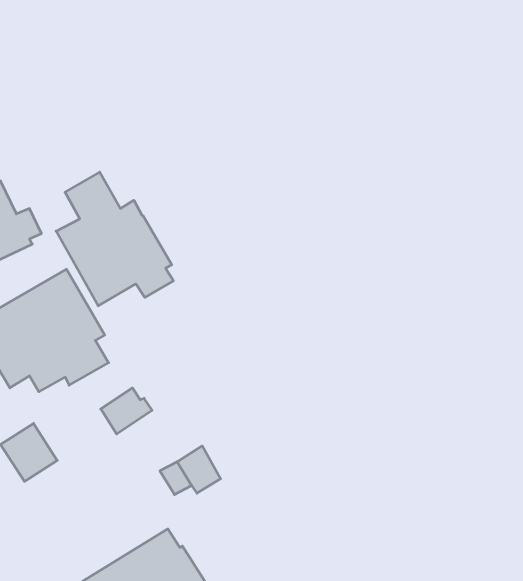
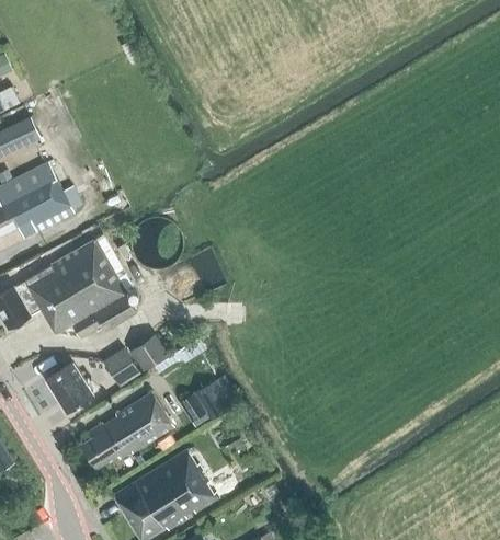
building: [56,172,173,306] -> none
building: none -> [102,348,140,389]
building: none -> [81,392,173,467]

